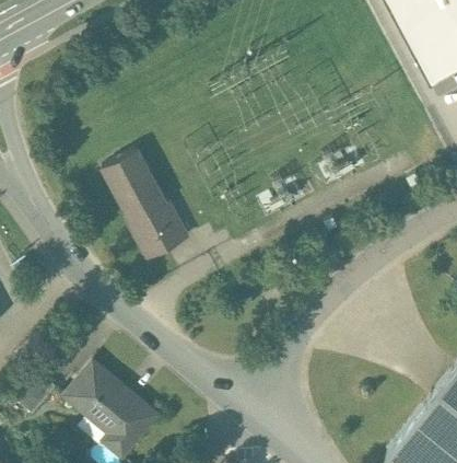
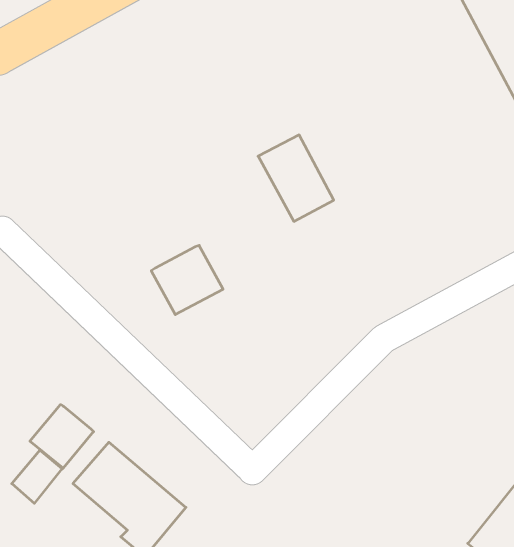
building: [104,152,166,223] -> [258,135,334,221]
building: none -> [30,405,94,468]

